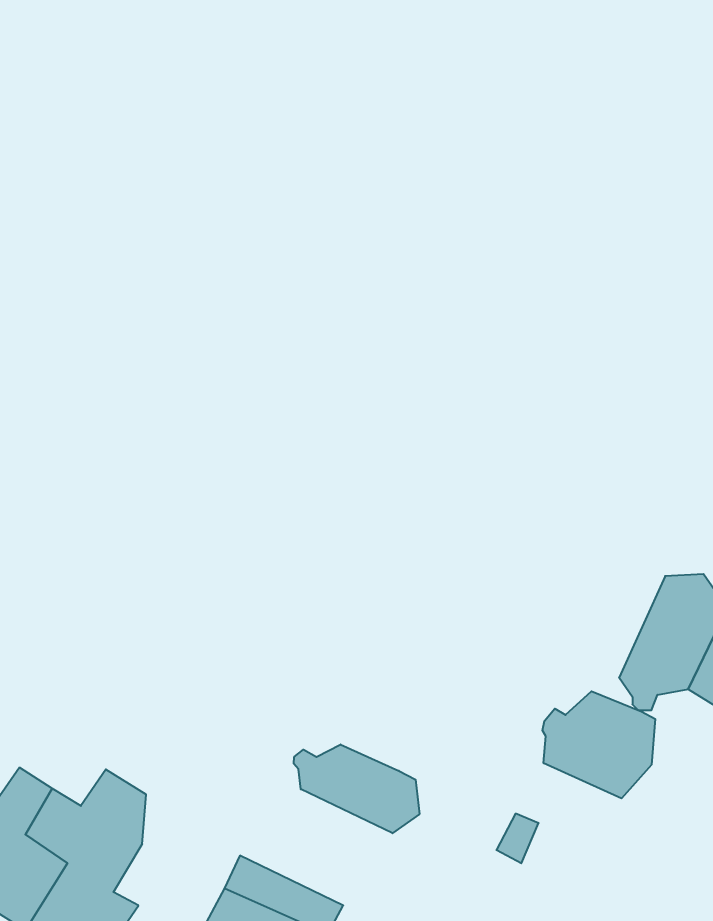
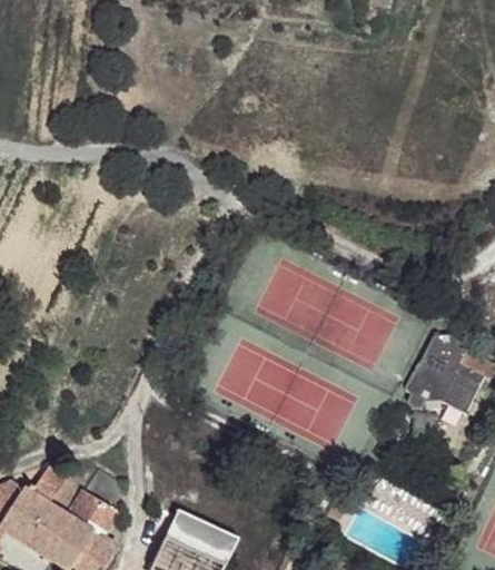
building: [543,691,655,798] -> none
building: [294,744,419,833] -> none

